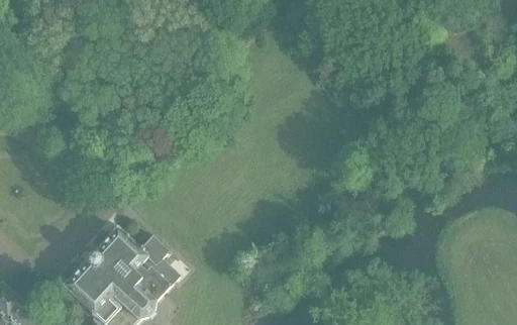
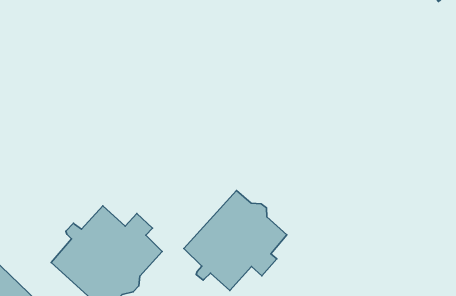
building: none -> [184,190,287,290]

